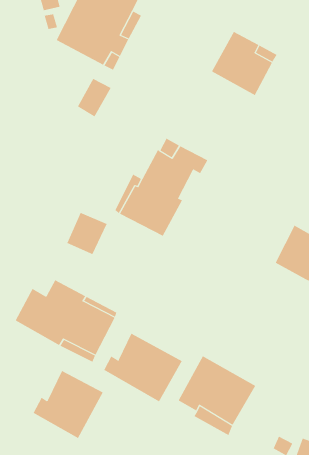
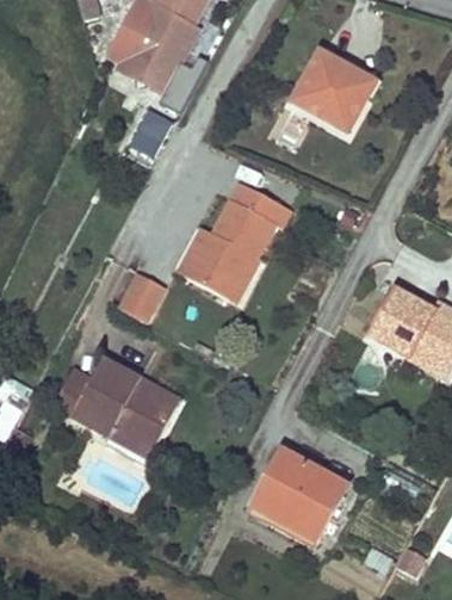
building: [103,333,182,402] -> none
building: [33,370,104,439] -> none

